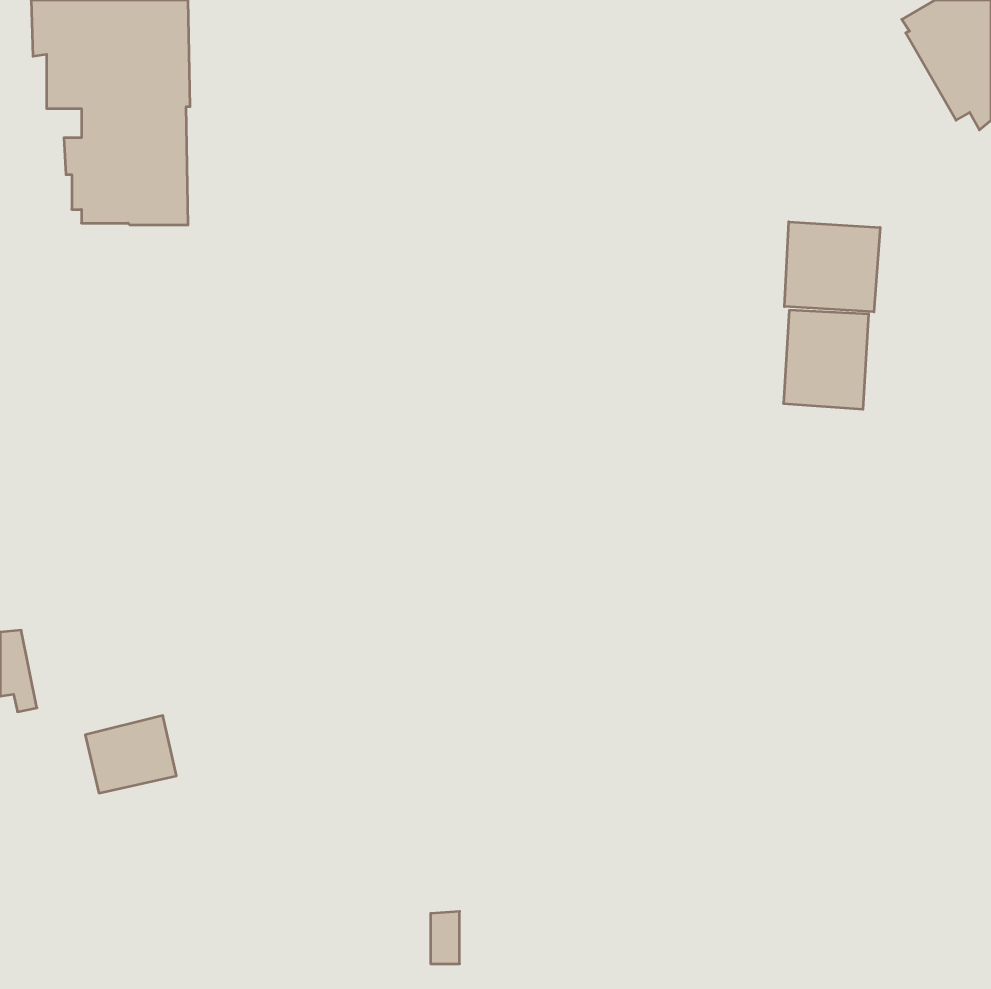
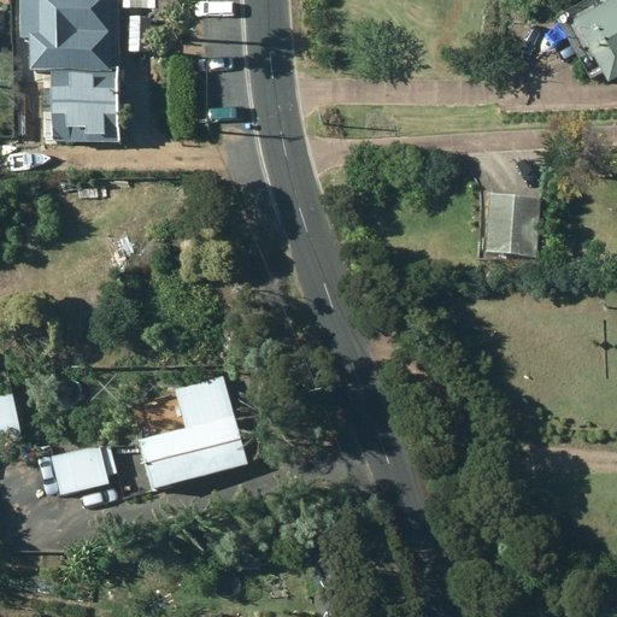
building: [784,222,880,312] -> none
building: none -> [140,376,249,488]

